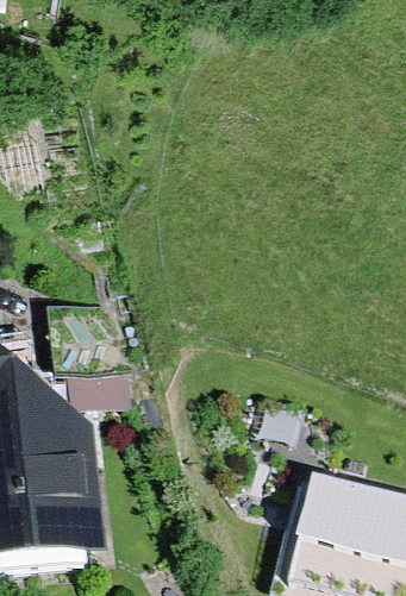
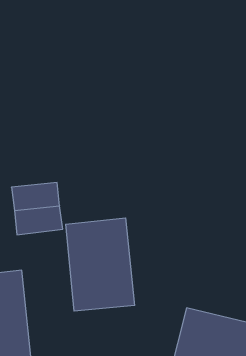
building: none -> [66,218,135,311]

